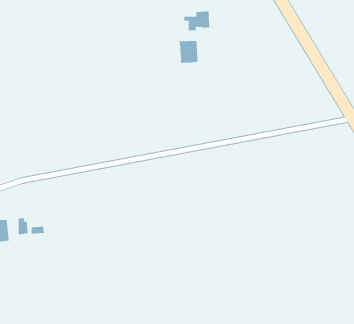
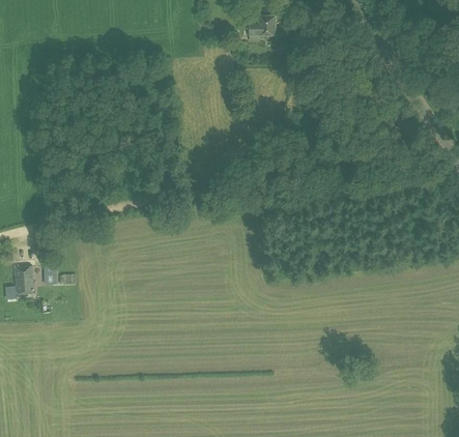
building: [179,40,198,64] -> none

